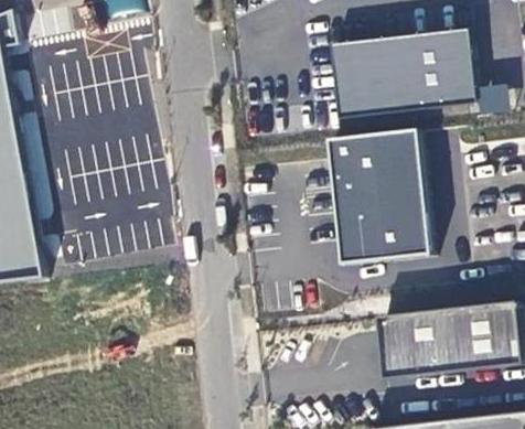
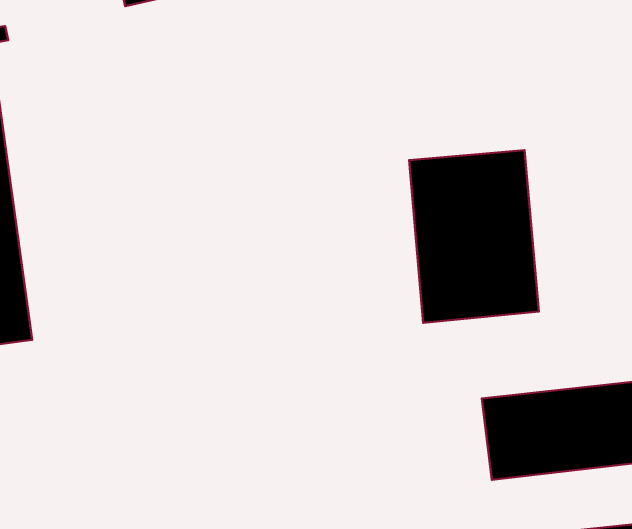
building: [338,23,485,111] -> none

